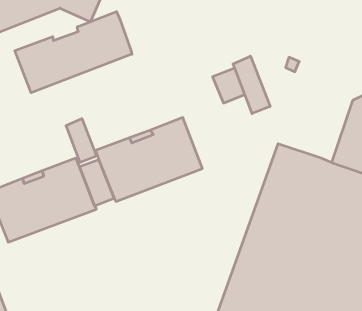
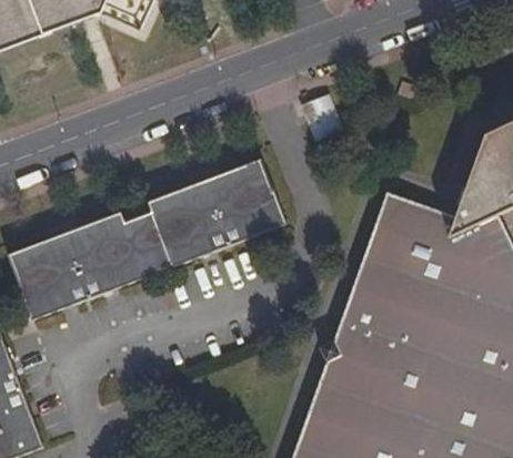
building: [15,12,132,93] -> none
building: [233,56,270,114] -> none
building: [66,119,97,162] -> none

